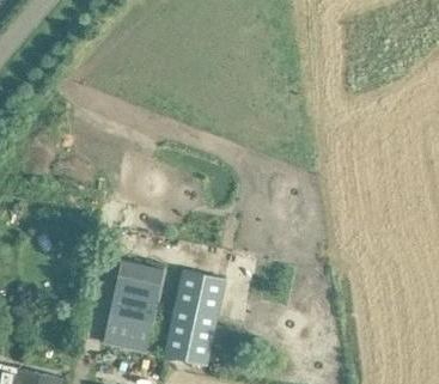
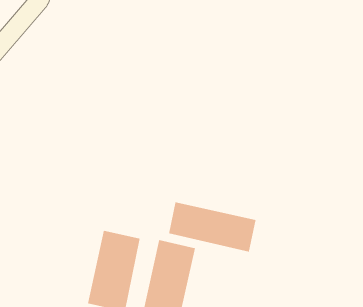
building: none -> [169,201,256,253]

